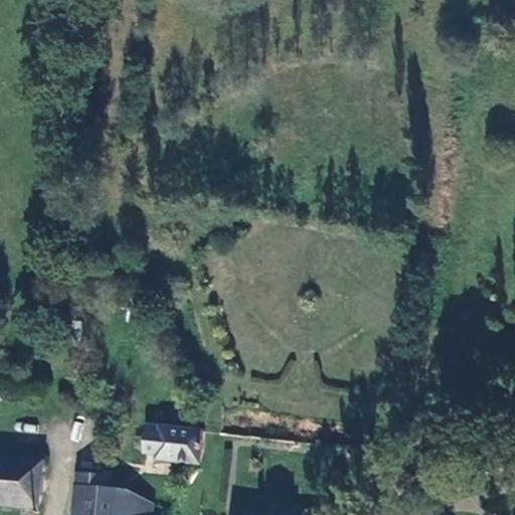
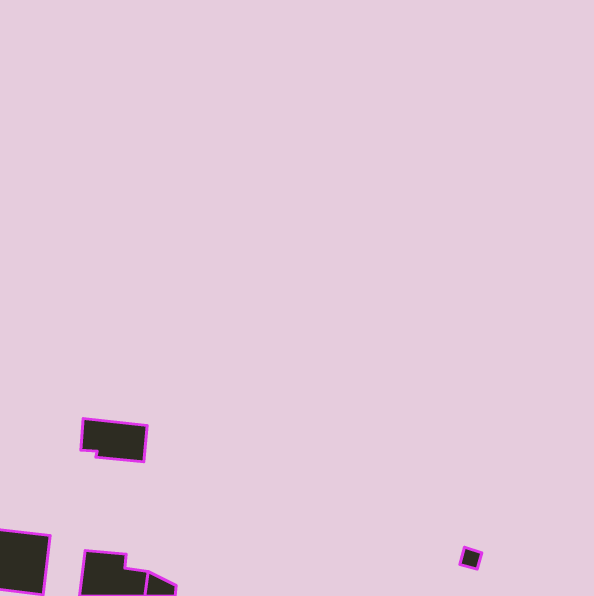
building: [143,425,200,463] -> [81,419,147,462]

